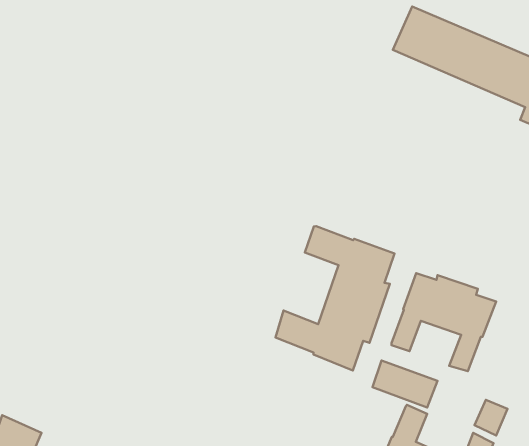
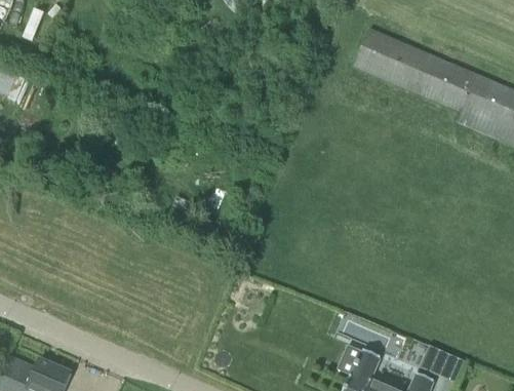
building: [275,226,395,370] -> none
building: [392,273,496,371] -> none

